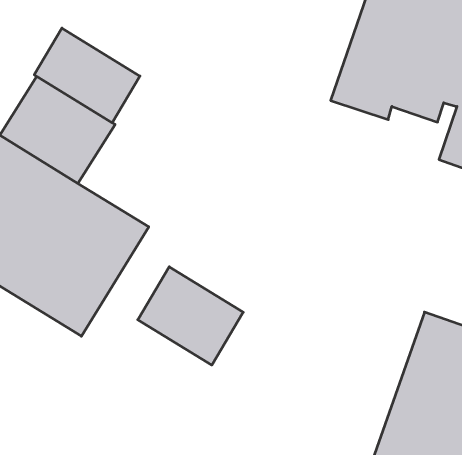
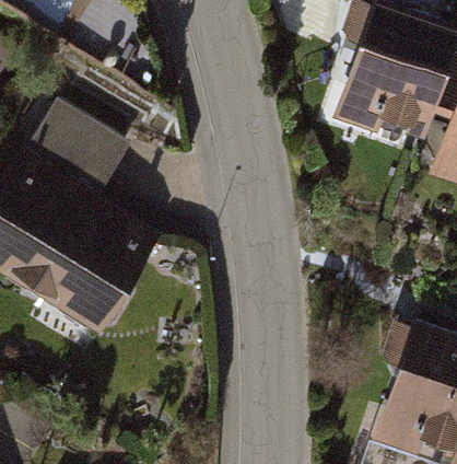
building: [34,28,140,123] -> none
building: [138,267,243,365] -> none

